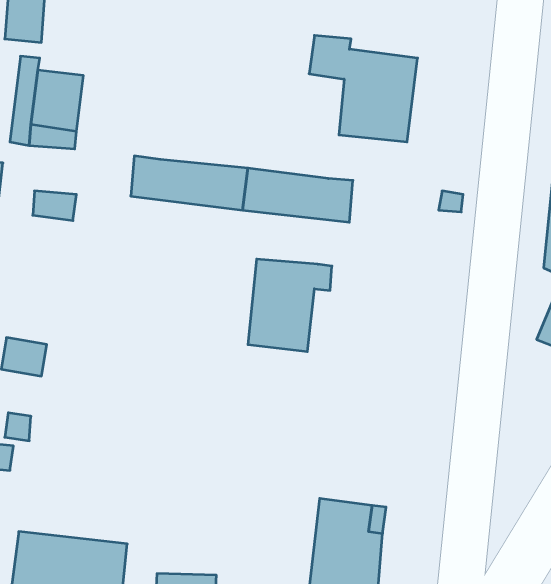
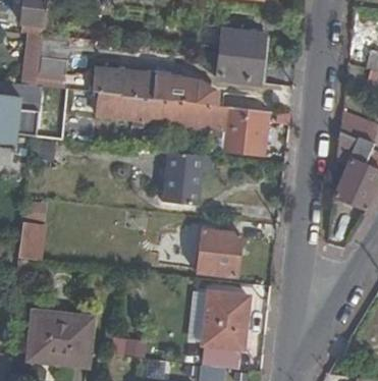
building: none -> [114,71,213,105]
building: none -> [222,106,267,156]
building: none -> [196,229,239,277]

